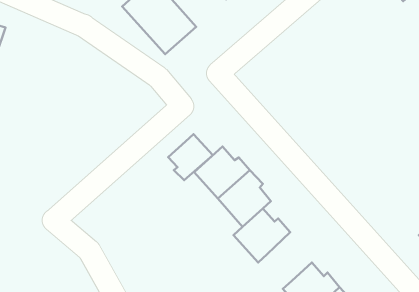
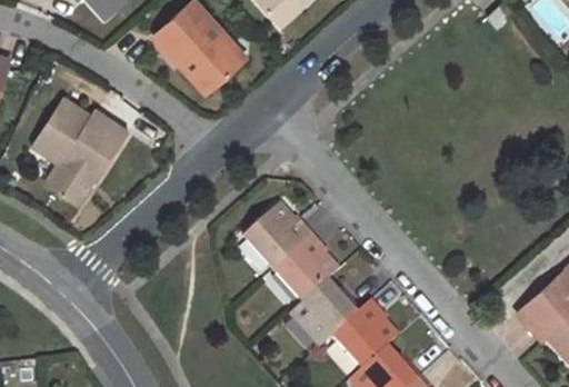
building: none -> [32,98,127,206]
building: [168,134,213,180] -> none
building: none -> [331,300,397,368]

